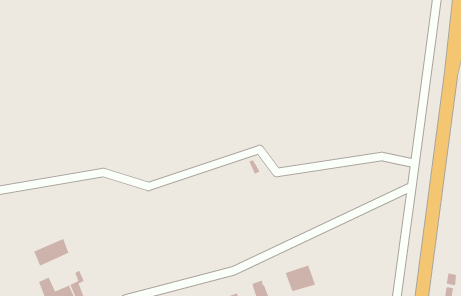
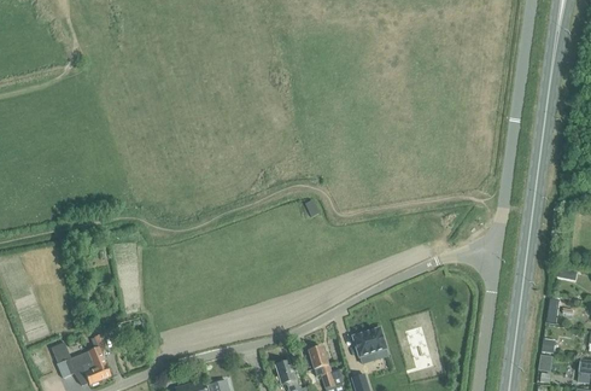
building: [34,238,69,267] -> none

